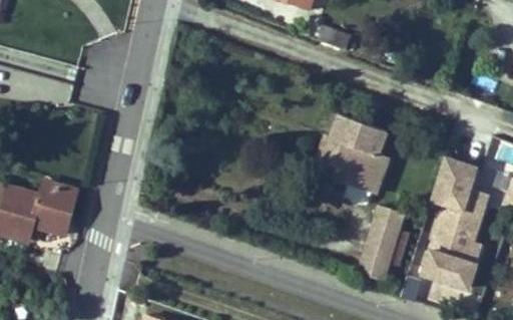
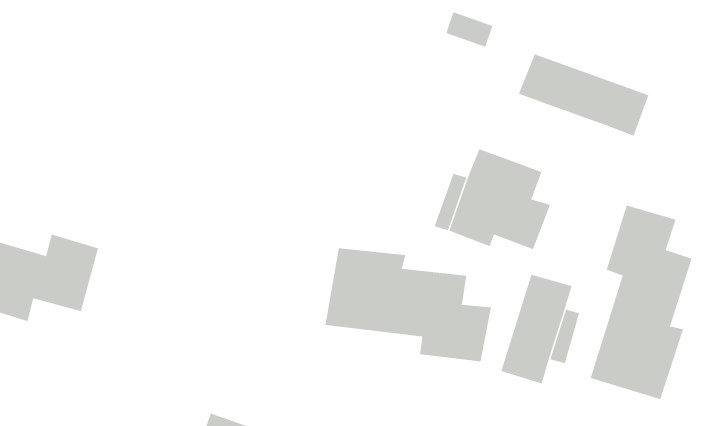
building: none -> [518,54,649,136]
building: none -> [325,248,491,362]

